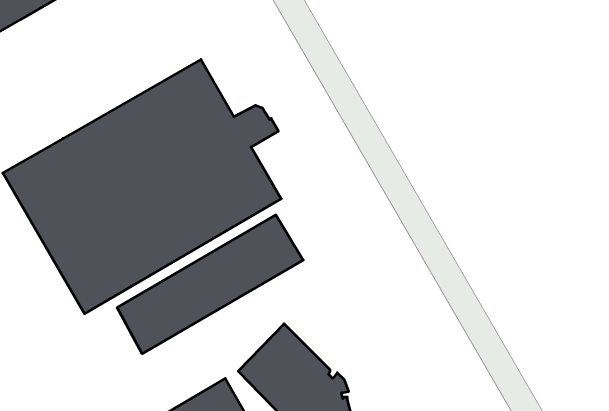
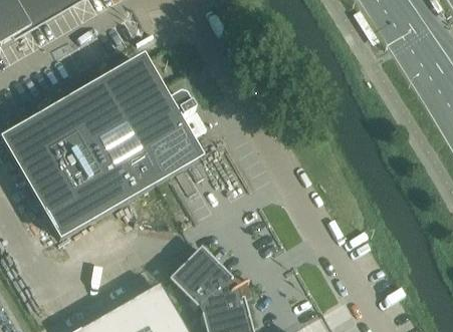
building: [117,215,303,354] -> none

